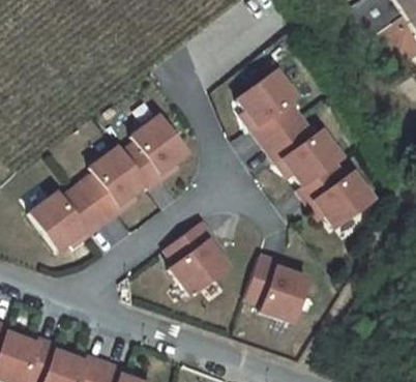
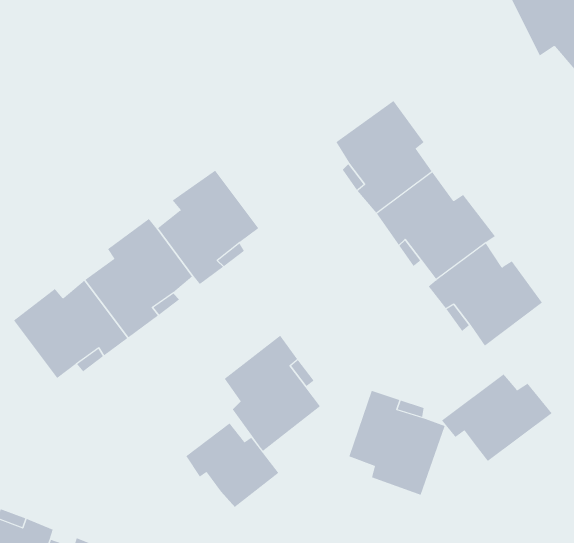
building: none -> [441,373,552,462]
building: none -> [185,422,279,508]

